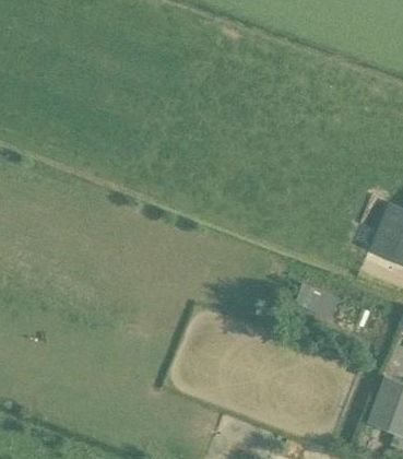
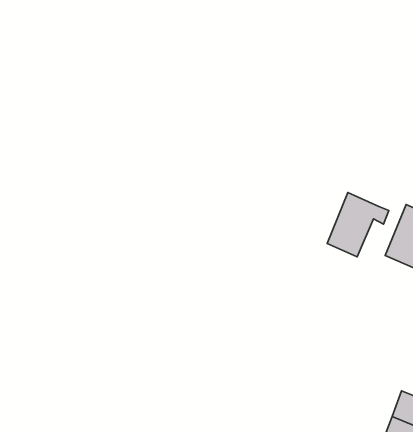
building: none -> [327,192,389,257]

